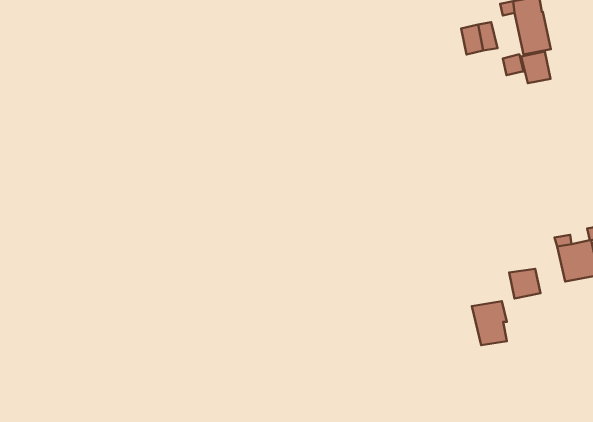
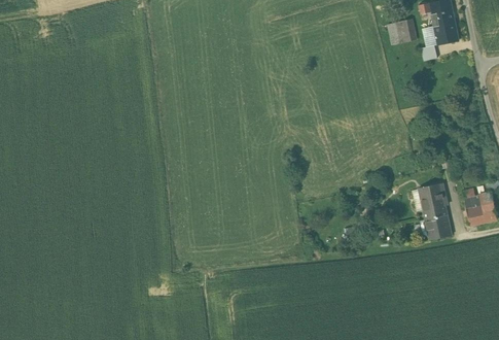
building: [521,52,550,83] -> none
building: [472,301,507,345] -> [418,183,445,218]

